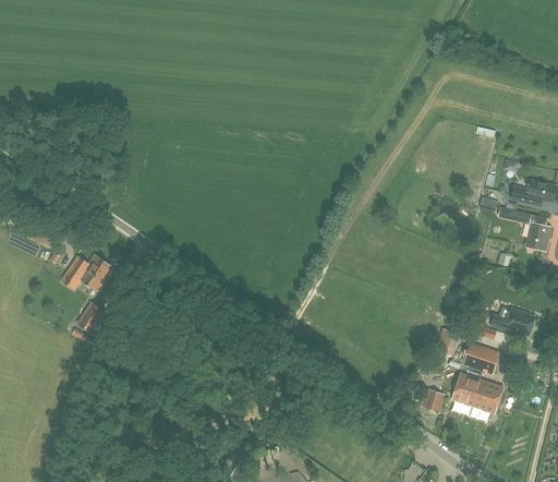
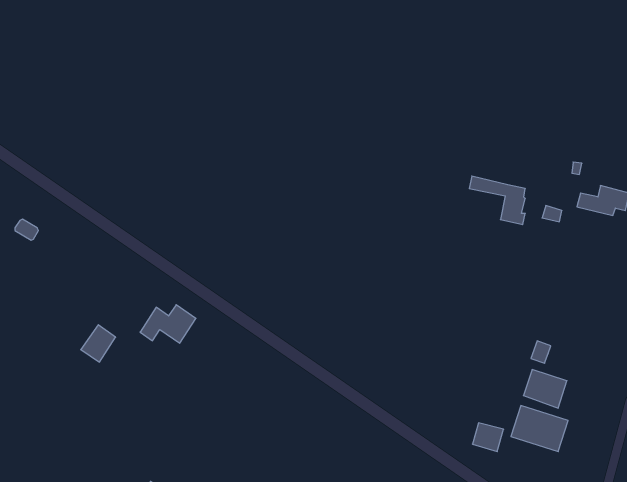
building: [498,206,547,249] -> [469,176,525,225]
building: [63,255,112,289] -> [140,305,196,343]
building: [488,311,532,337] -> none

